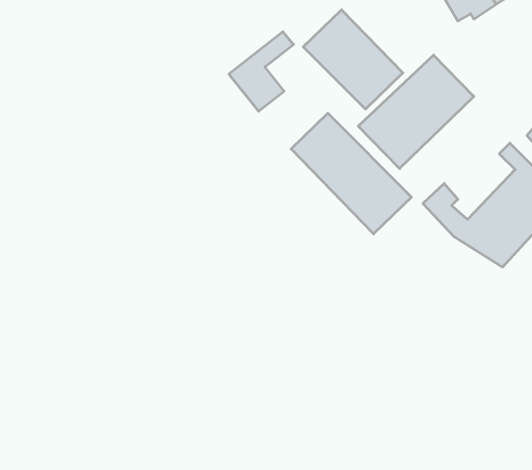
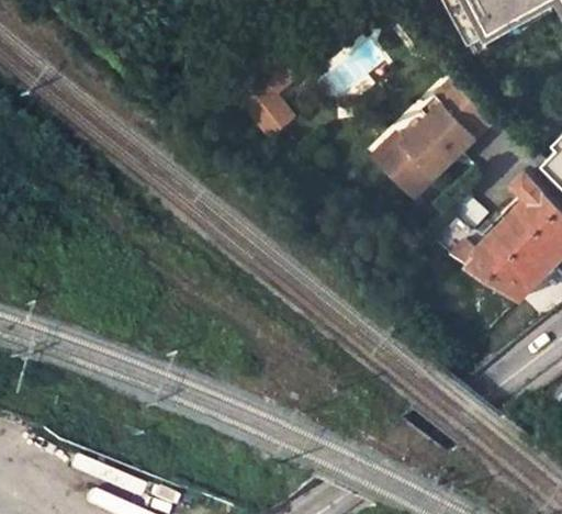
building: [303,10,403,109] -> none
building: [291,113,411,234] -> none

